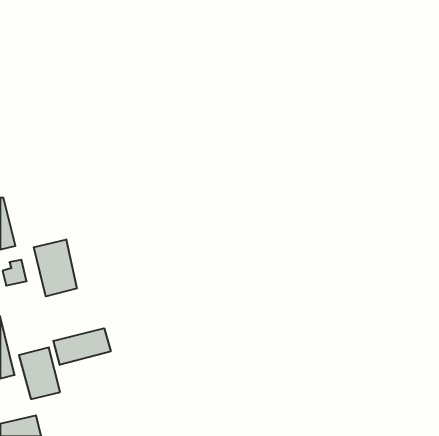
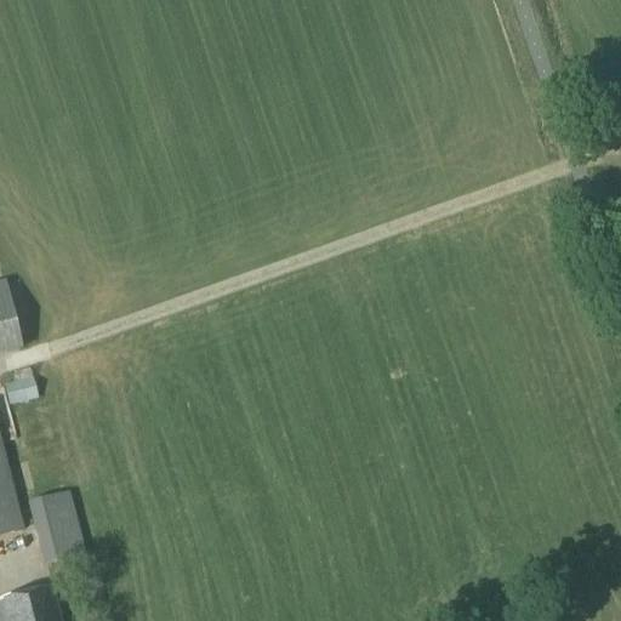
building: [34,239,77,296] -> none
building: [53,328,111,365] -> none

